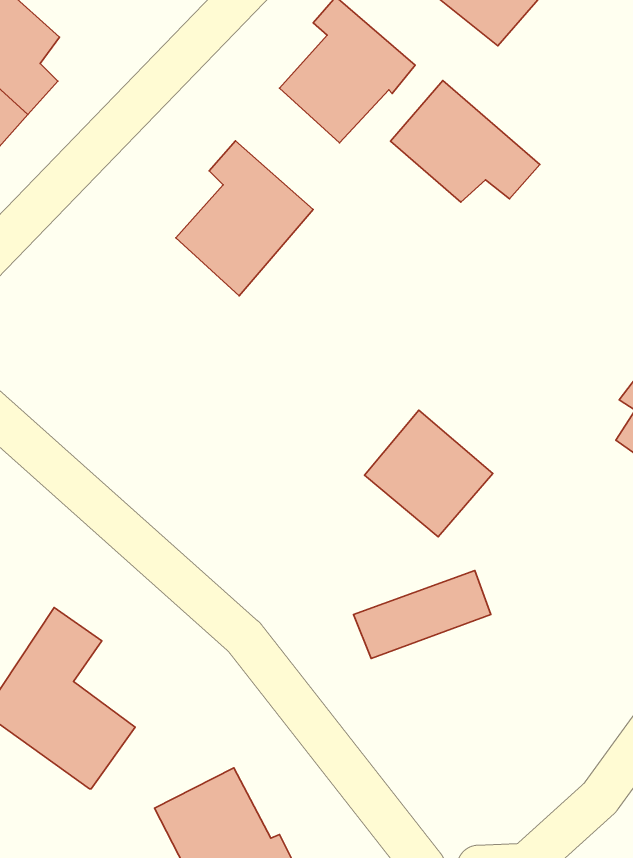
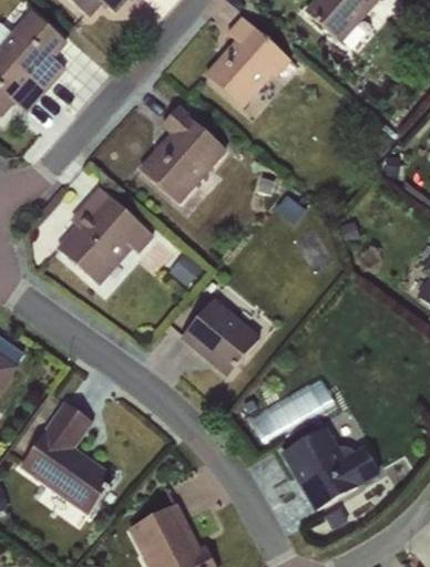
building: [390,81,540,202] -> none
building: none -> [57,186,154,285]
building: [364,410,493,537] -> [180,296,260,375]
building: none -> [280,425,380,511]

